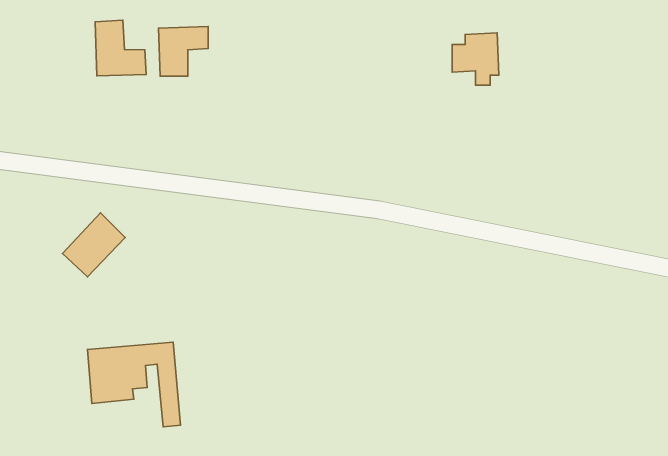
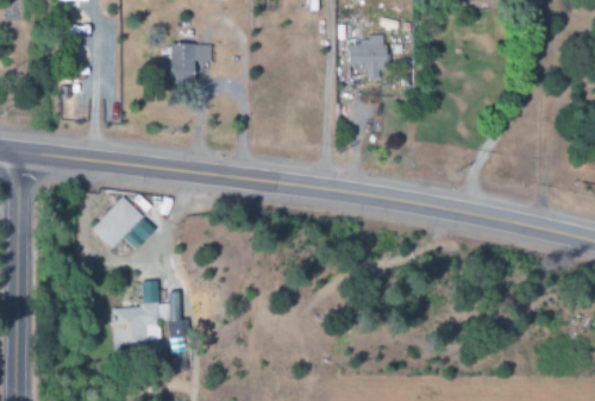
building: [95,20,146,76] -> none
building: [452,33,499,85] -> [349,37,387,80]

